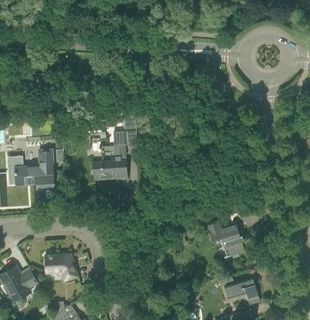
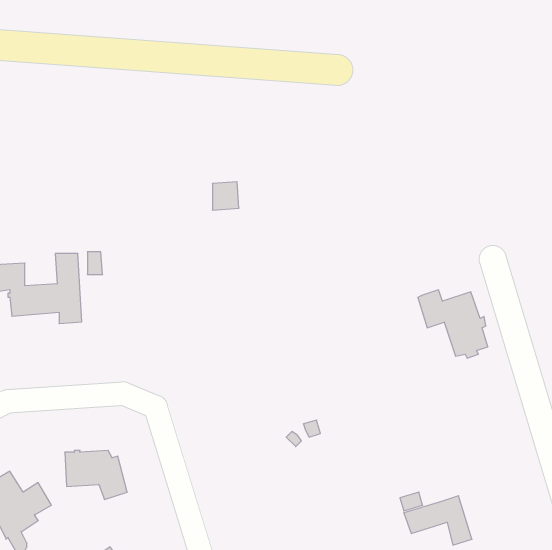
building: [92,132,127,178] -> none
building: [207,222,244,258] -> [418,290,488,358]

